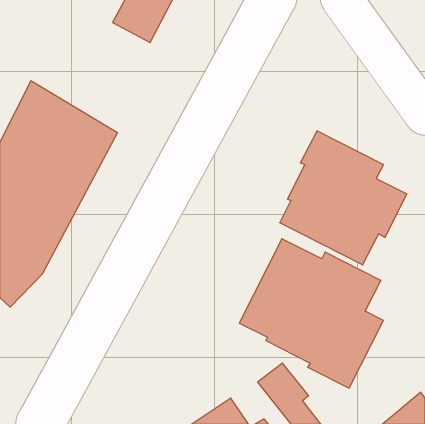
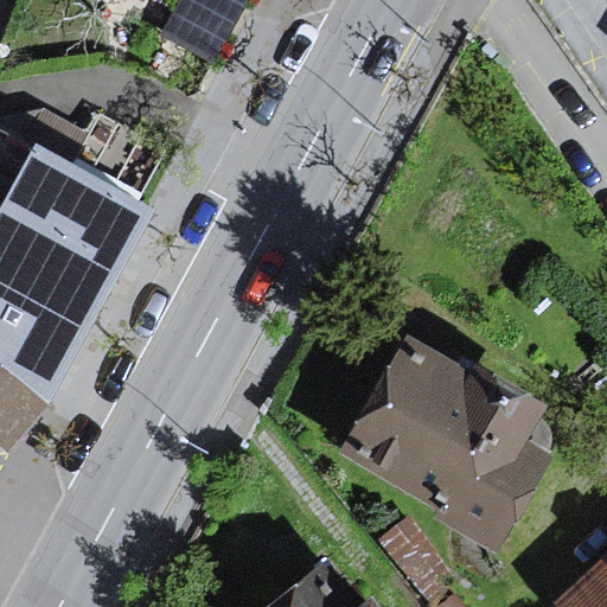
building: [280,131,407,265] -> none

